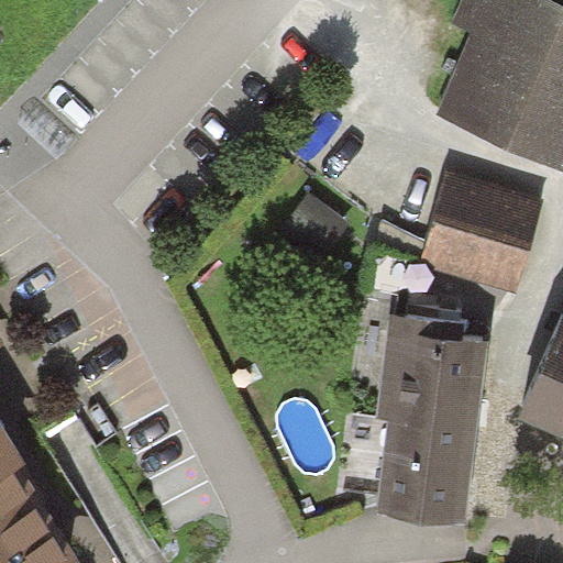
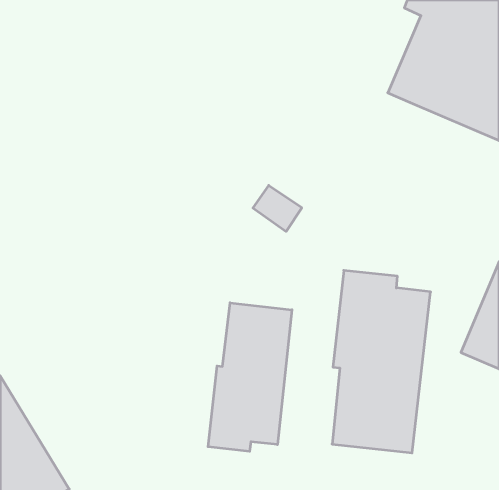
building: [422,177,543,291] -> none
building: none -> [208,303,292,451]

